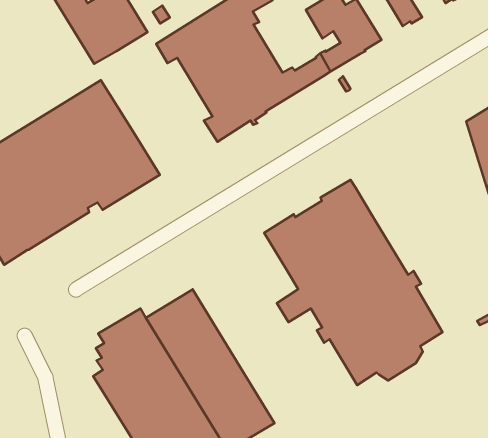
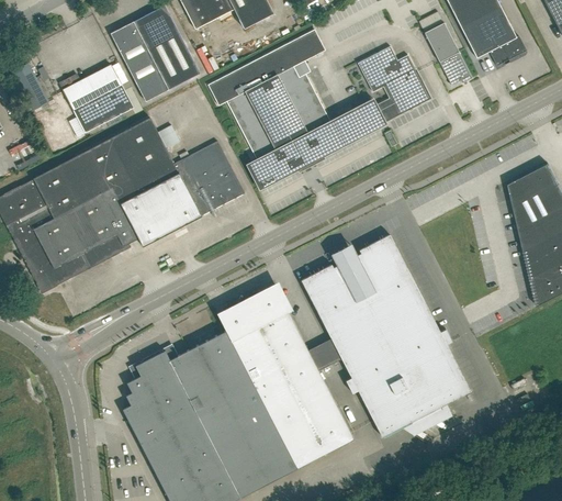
building: none -> [63,64,133,132]
building: none -> [175,141,245,214]
building: none -> [220,289,353,468]

